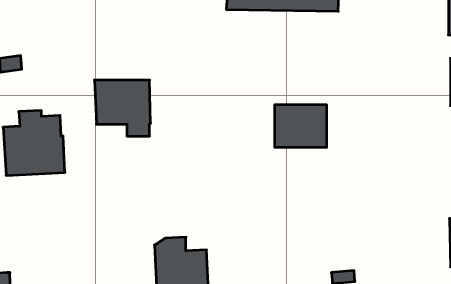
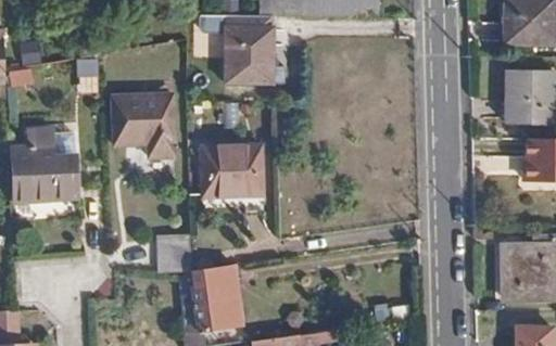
building: none -> [222,28,270,84]
building: [275,105,327,147] -> [203,148,261,194]
building: none -> [157,233,191,269]

